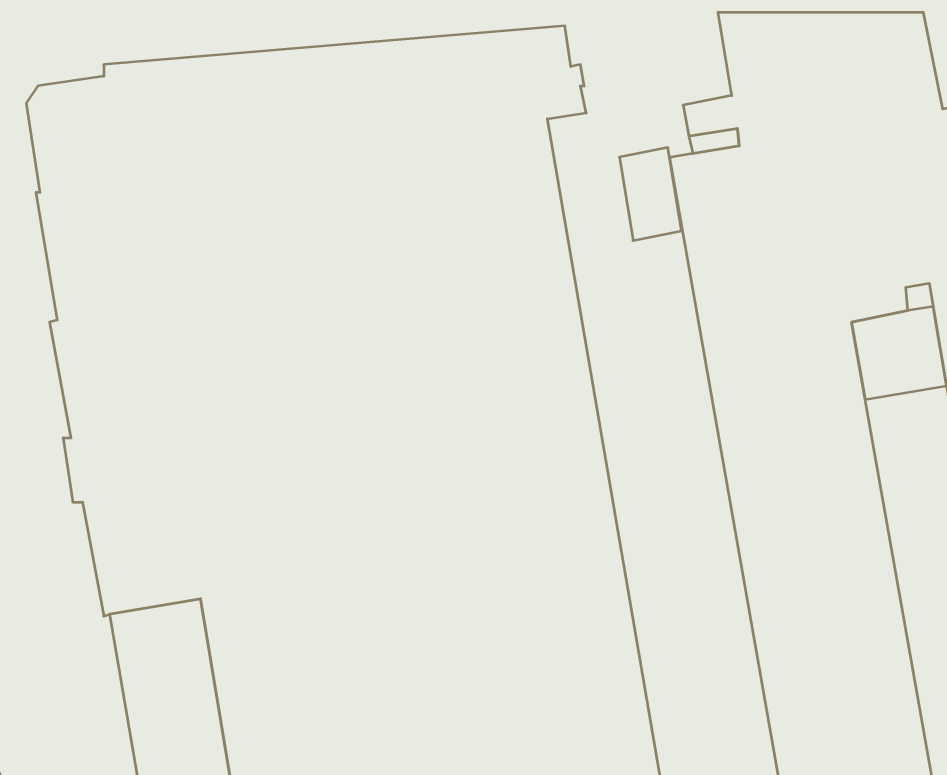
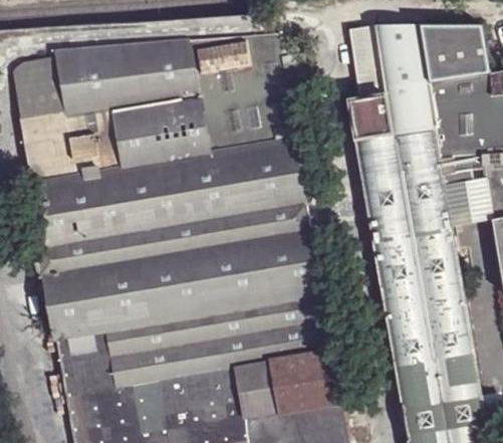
building: [619,148,681,241] -> [347,25,380,73]

